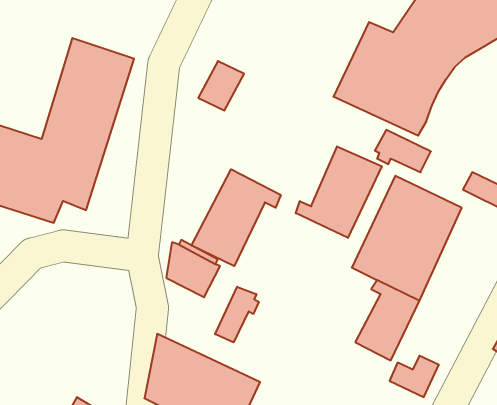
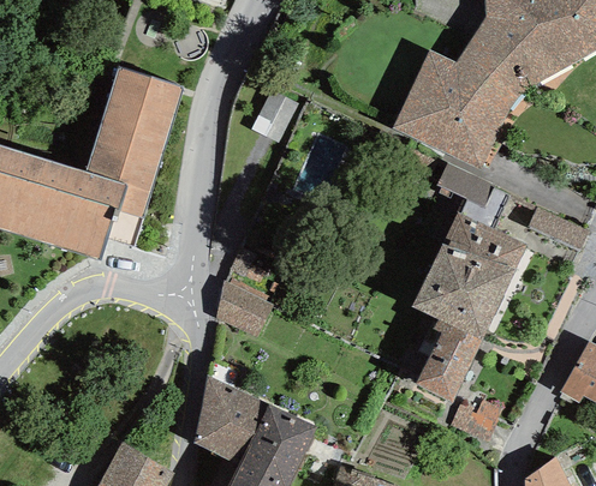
building: [296,146,382,238] -> none
building: [192,169,281,266] -> none
building: [215,287,259,342] -> none

